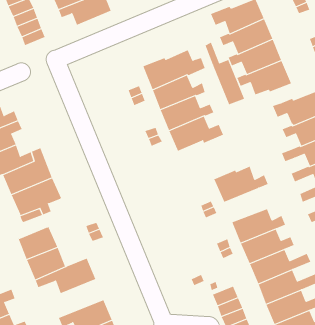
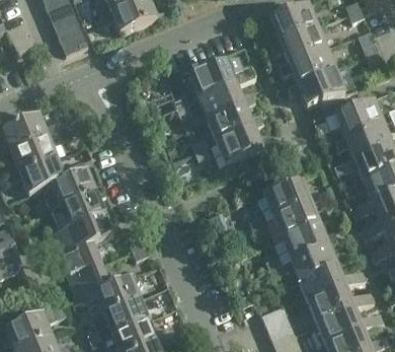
building: [205,42,245,105] -> none
building: none -> [273,203,329,238]
building: none -> [96,298,148,339]

